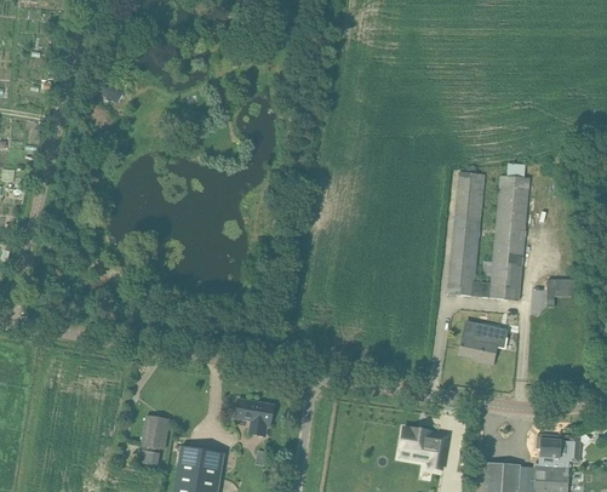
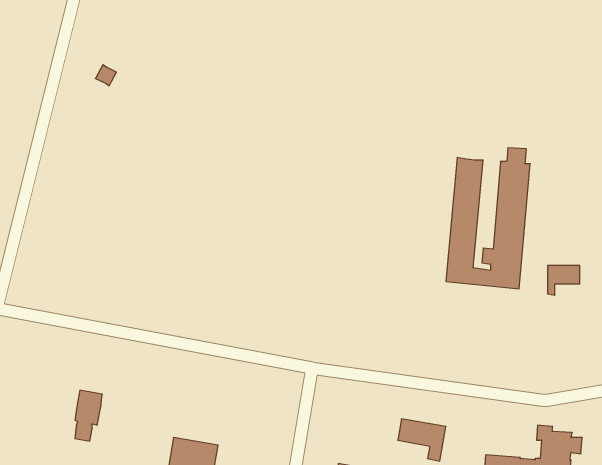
building: [459,322,508,364] -> none
building: [235,397,273,435] -> none
building: [142,414,168,464] -> [75,390,102,441]

